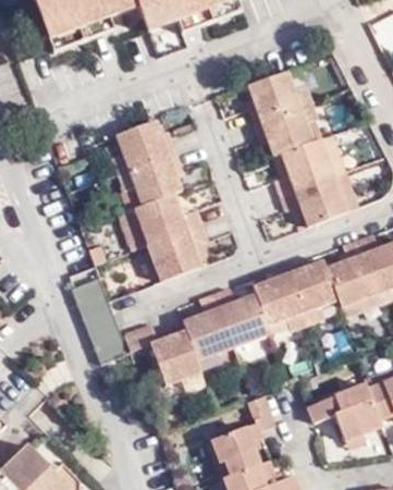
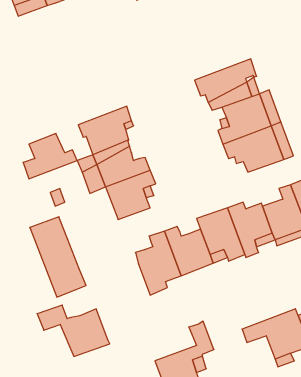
building: [243,69,315,123] -> none
building: [114,122,175,173] -> [23,133,77,179]
building: [122,326,204,383] -> [37,305,110,356]

